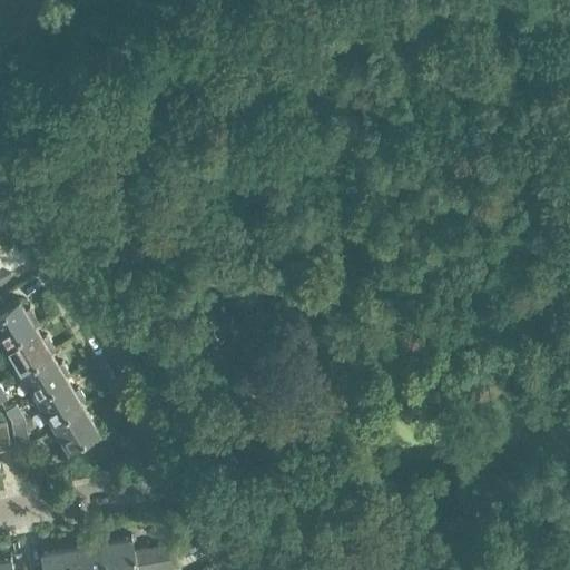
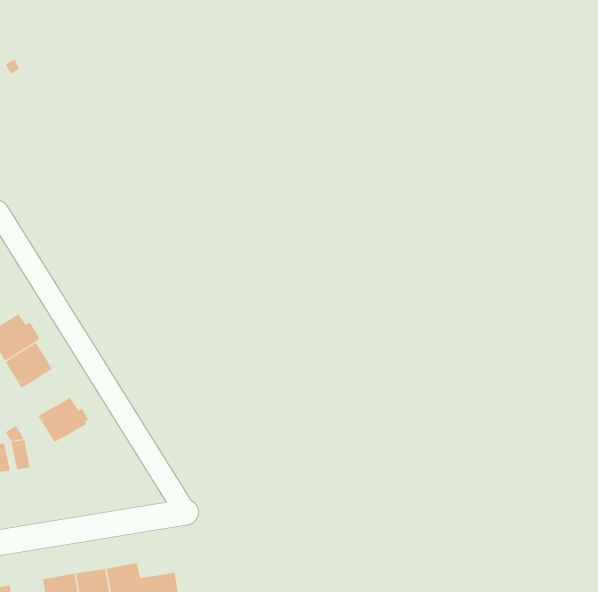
building: [20,357,69,402] -> none
building: [51,410,98,454] -> none

